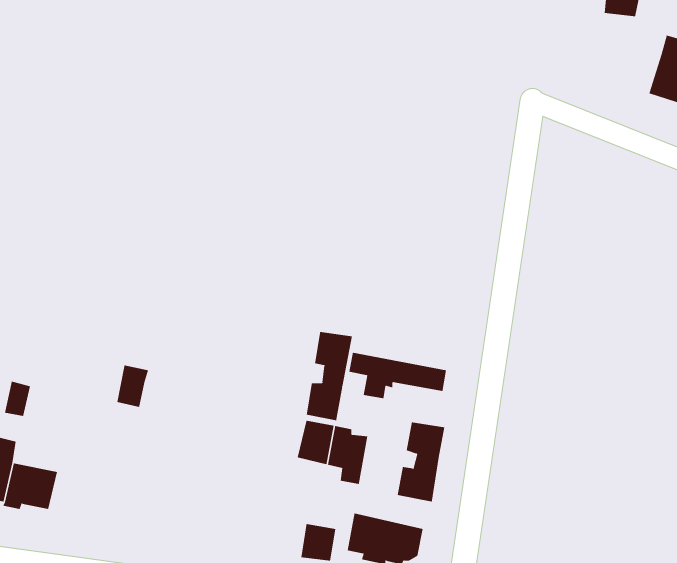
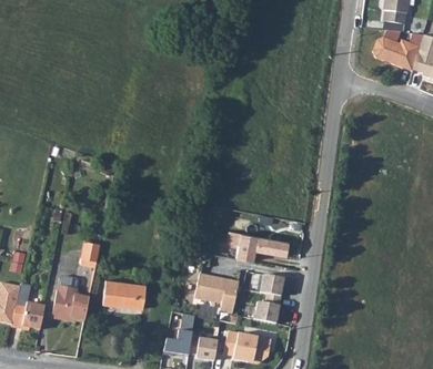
building: none -> [373,37,420,71]
building: [306,331,353,421] -> none
building: none -> [51,275,90,320]
building: none -> [102,280,145,308]
building: none -> [162,315,194,357]

